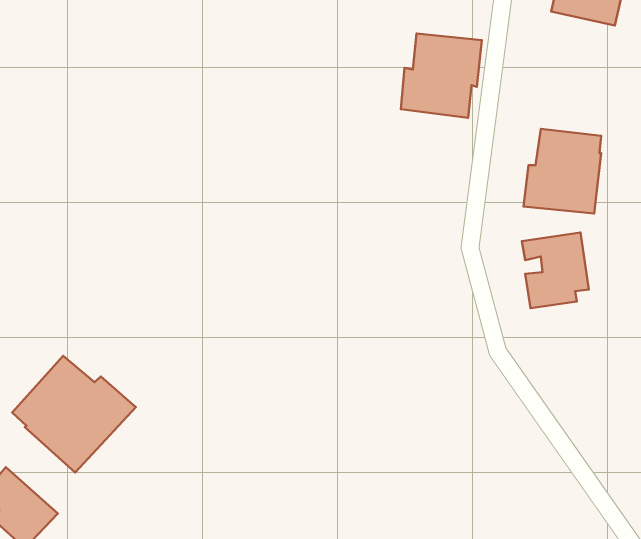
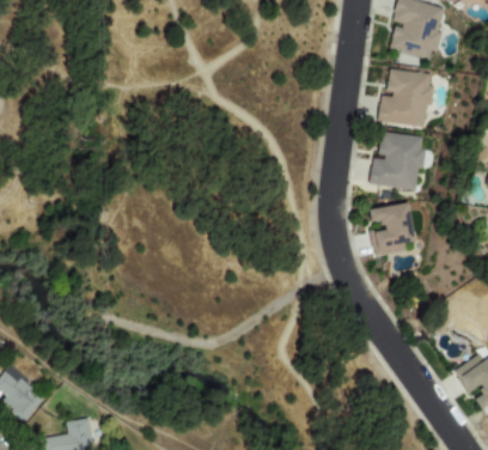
building: [401,33,482,118] -> [379,68,435,127]
building: [12,356,136,473] -> none

